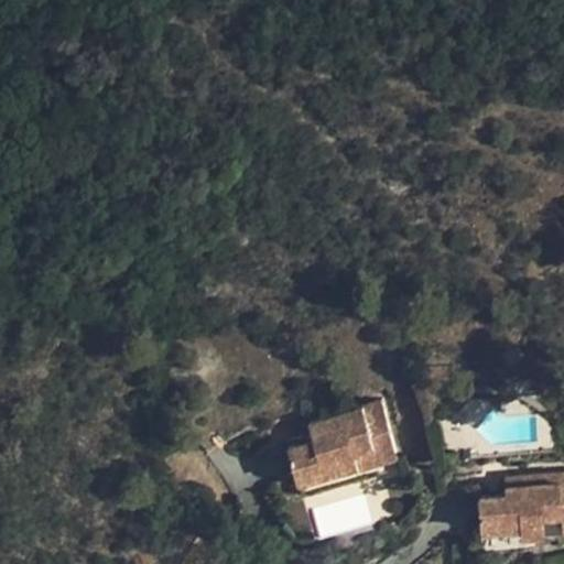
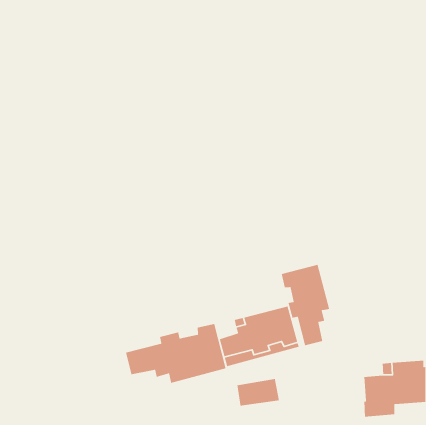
building: none -> [281,264,330,346]
building: none -> [125,323,226,384]

